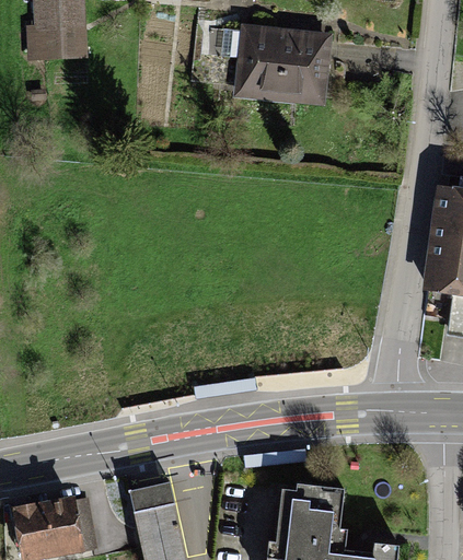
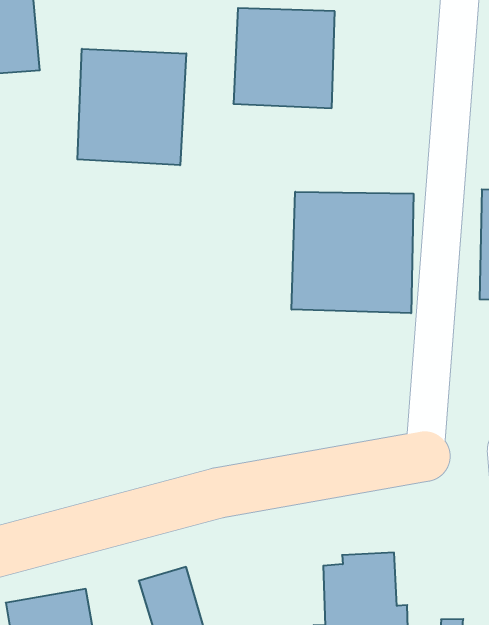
building: none -> [77,49,186,165]
building: none -> [292,192,413,313]

